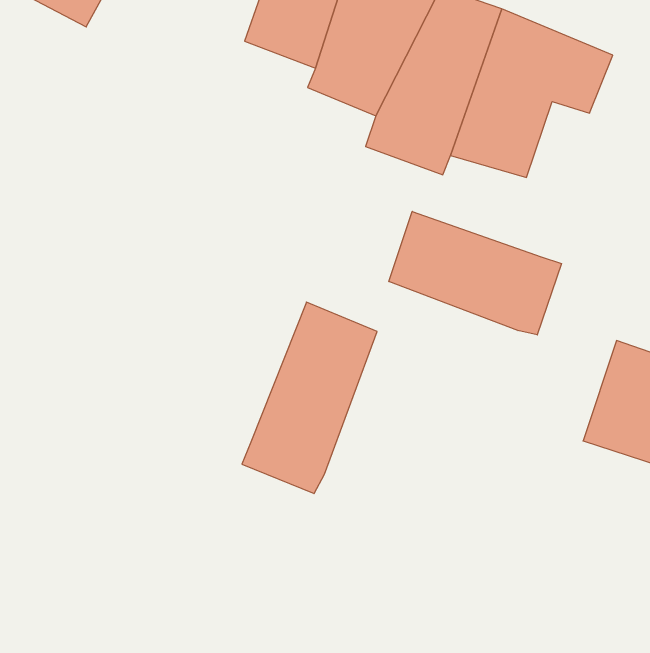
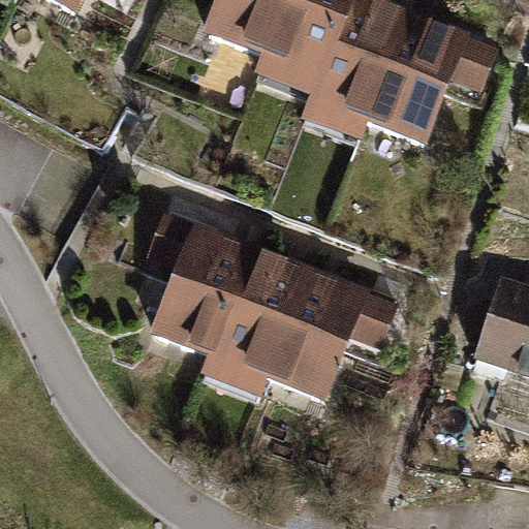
building: [389,211,561,335] -> none
building: none -> [147,214,252,355]
building: none -> [267,267,396,404]

